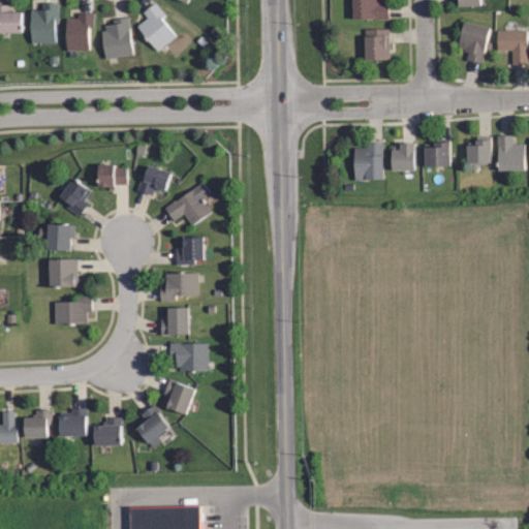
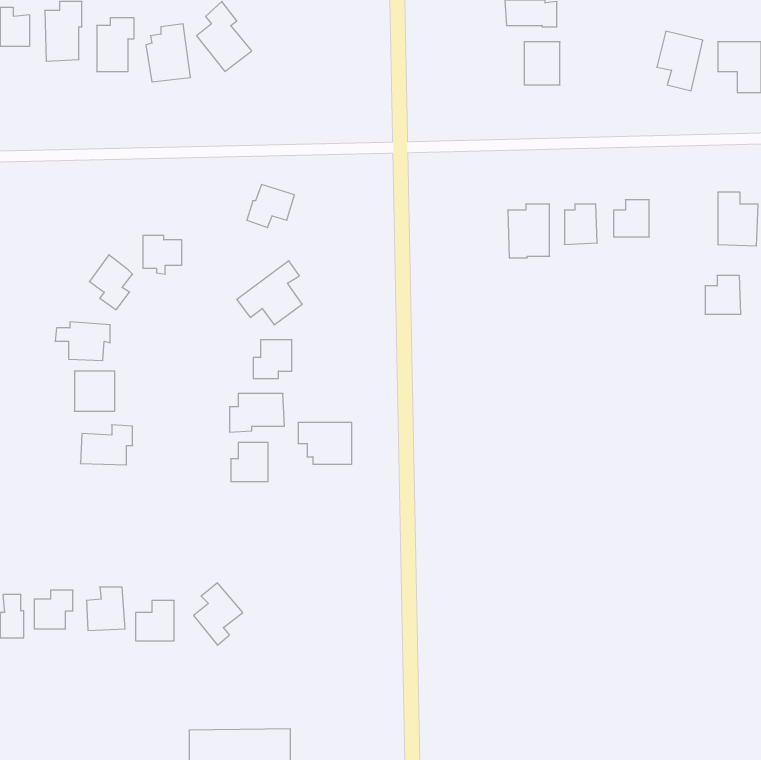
building: [467,137,492,164] -> [705,275,741,314]
building: [136,165,169,195] -> [247,184,294,228]
building: [169,343,207,372] -> [298,423,352,464]
building: [163,379,194,413] -> none

